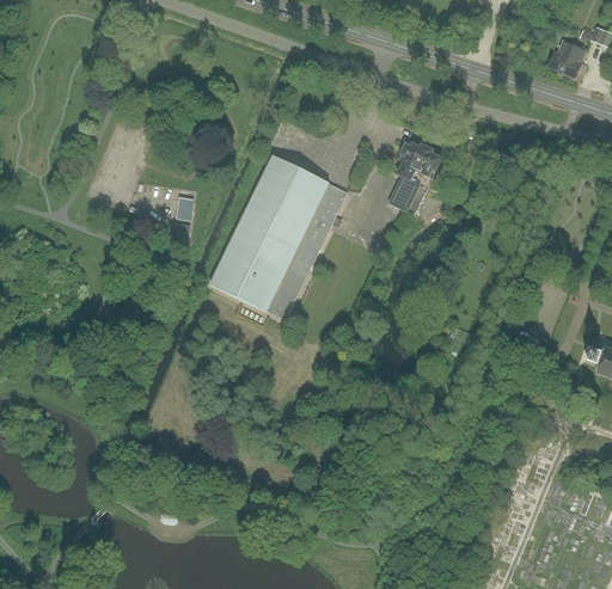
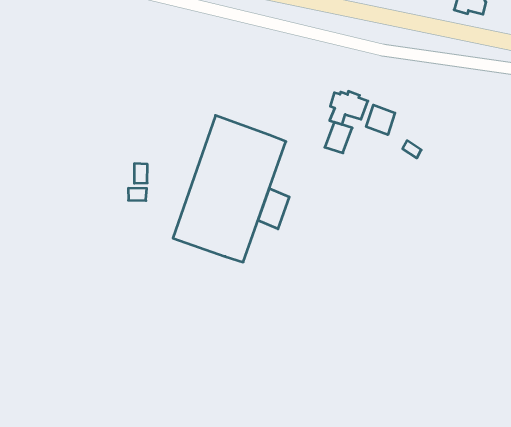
building: none -> [366,105,395,135]
building: none -> [258,189,289,229]

